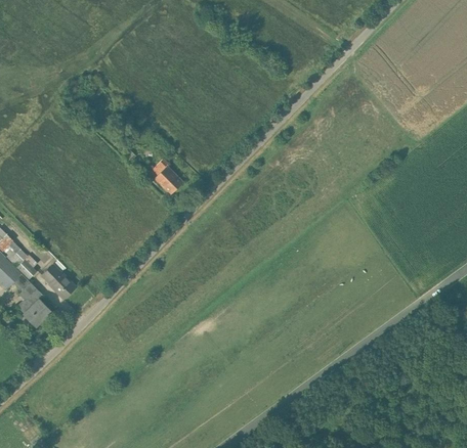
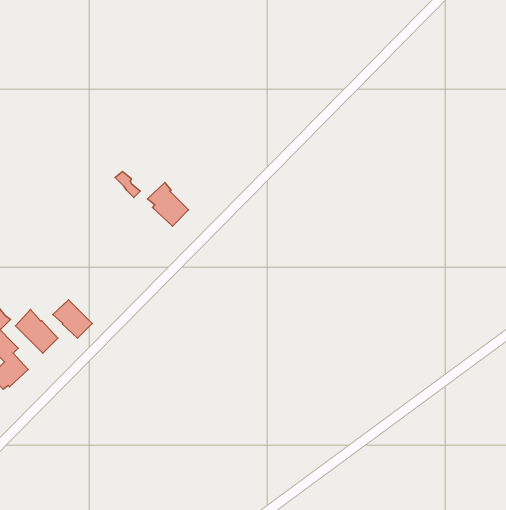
building: none -> [53,300,92,338]

